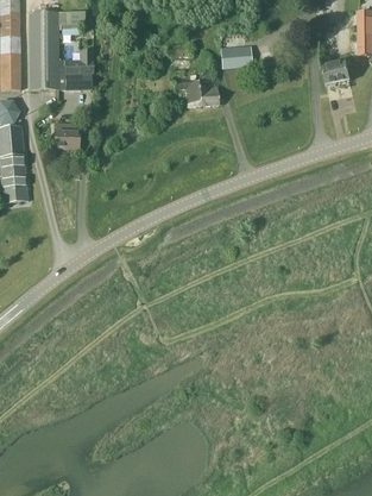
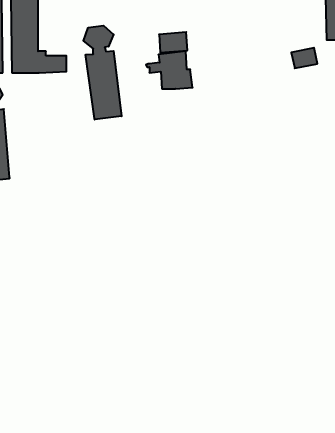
building: none -> [83,26,122,120]
building: [221,45,251,67] -> [159,32,187,53]
building: [53,124,78,150] -> none

